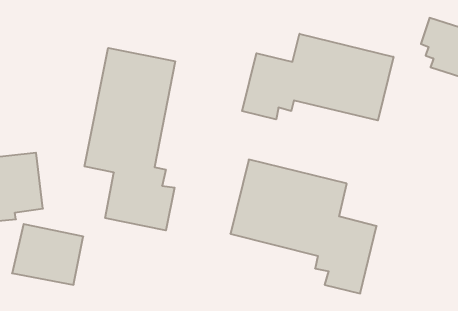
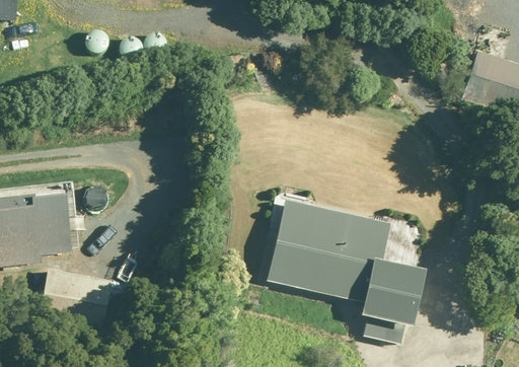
building: [242,34,393,120] -> none
building: [85,48,175,230] -> none

